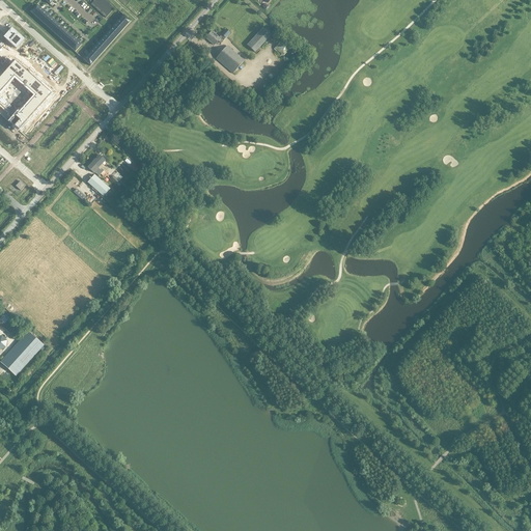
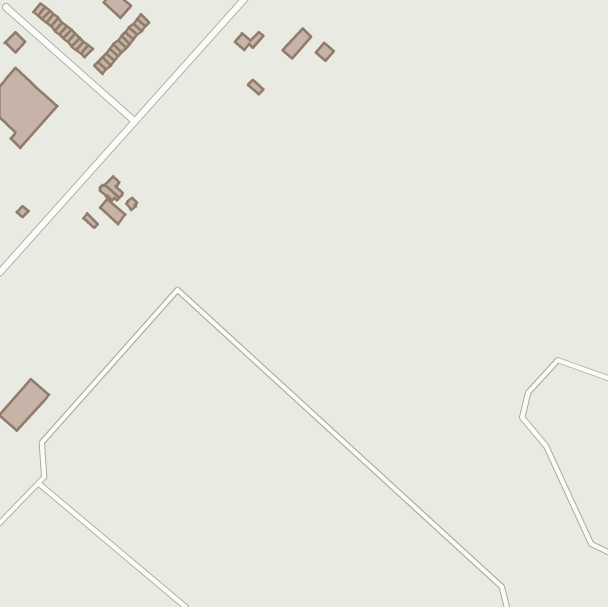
building: [215,44,243,72] -> none

